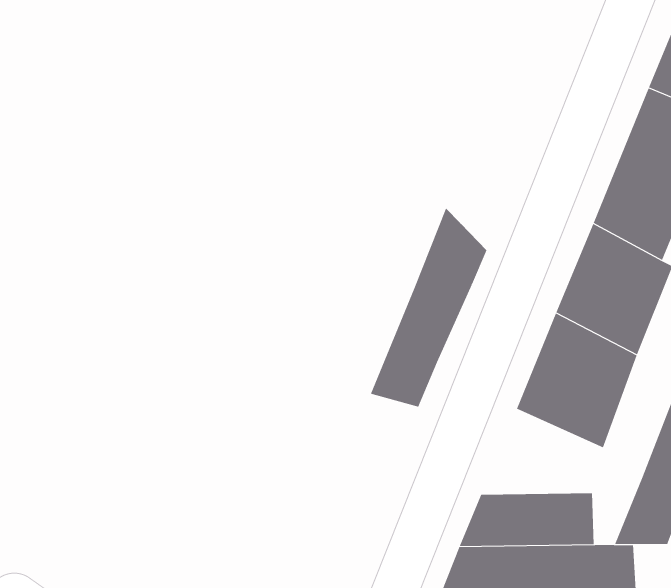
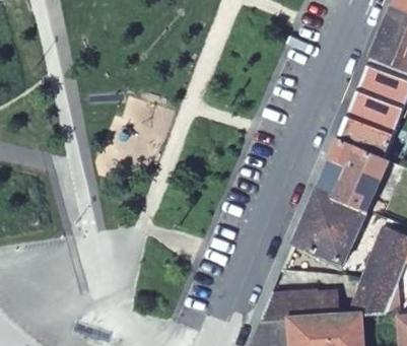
building: [370,208,487,407] -> none

